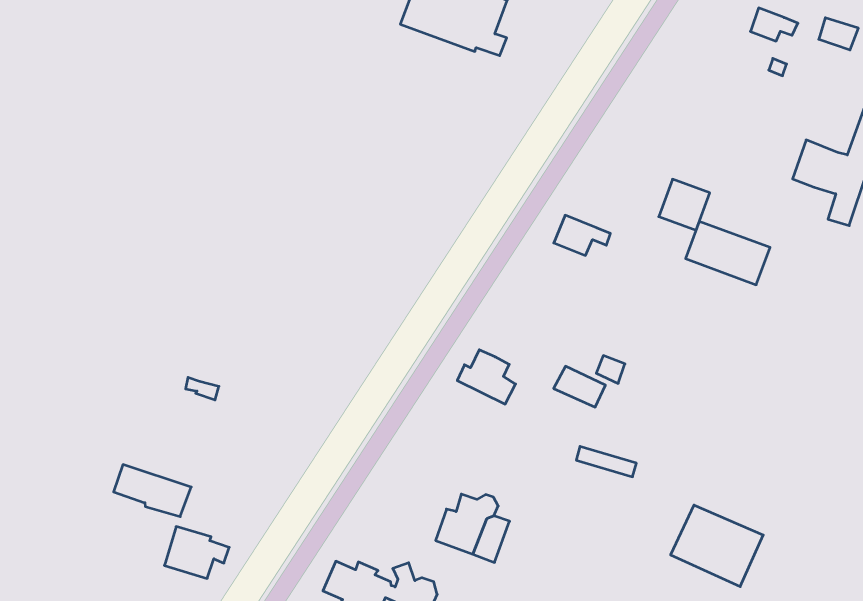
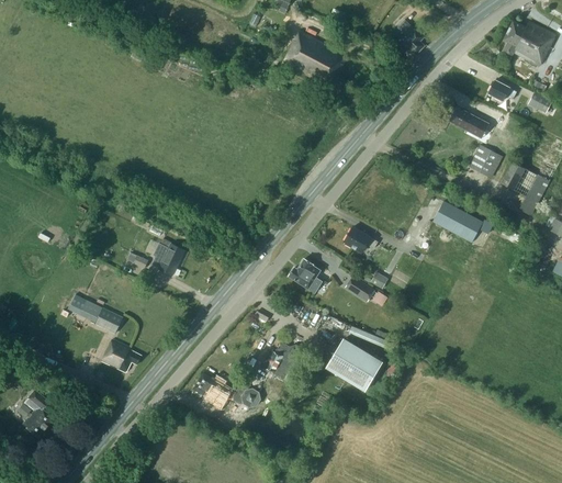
building: none -> [448,106,488,138]
building: [659,179,710,230] -> [469,145,501,177]
building: [554,215,610,255] -> [342,227,376,252]
building: none -> [151,238,183,276]
building: [671,505,763,587] -> [326,339,382,391]

